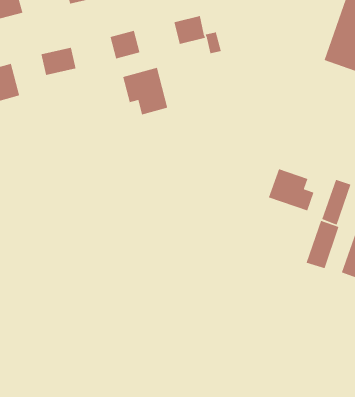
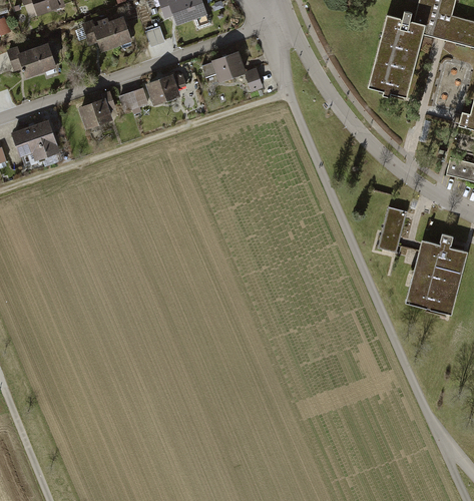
building: none -> [118,89,148,113]
building: [122,67,168,115] -> none
building: [268,168,315,211] -> none
building: [306,220,340,269] -> none

